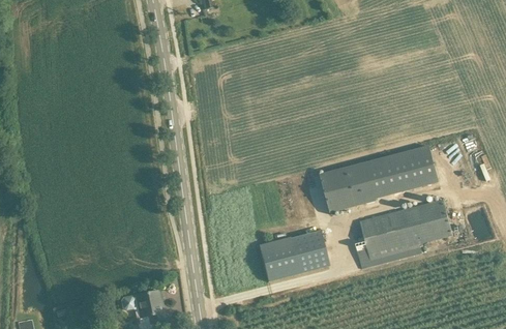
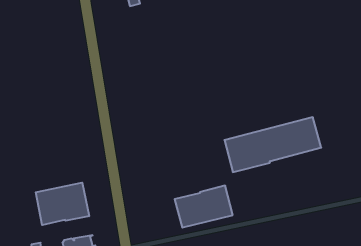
building: [356,199,453,268] -> none
building: none -> [36,183,89,225]

